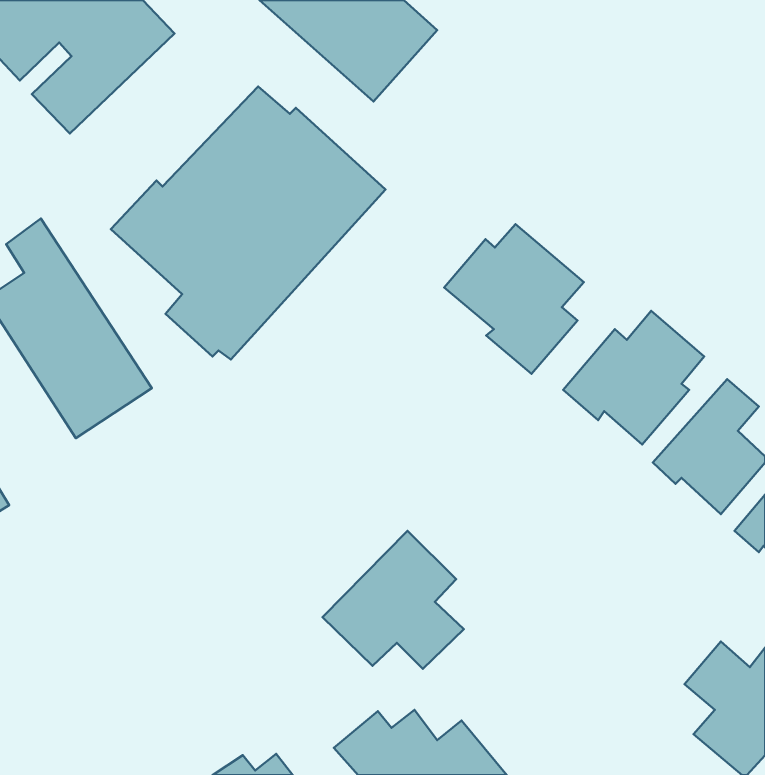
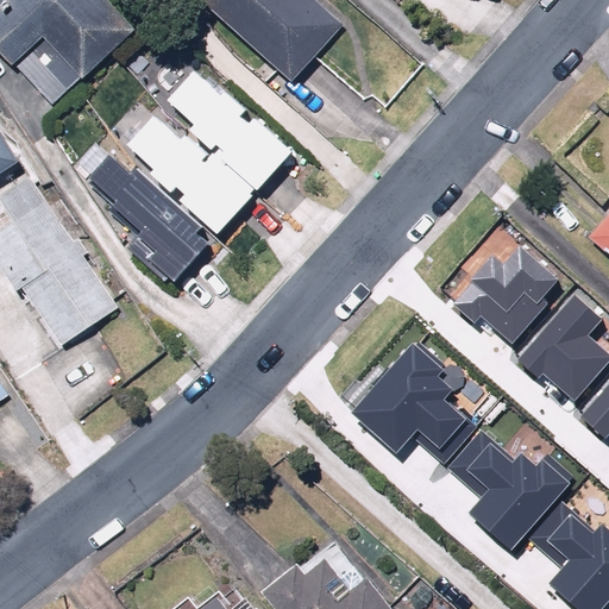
building: [444,224,584,374] -> none
building: [323,531,464,669] -> [354,352,465,460]
building: none -> [451,437,561,544]

